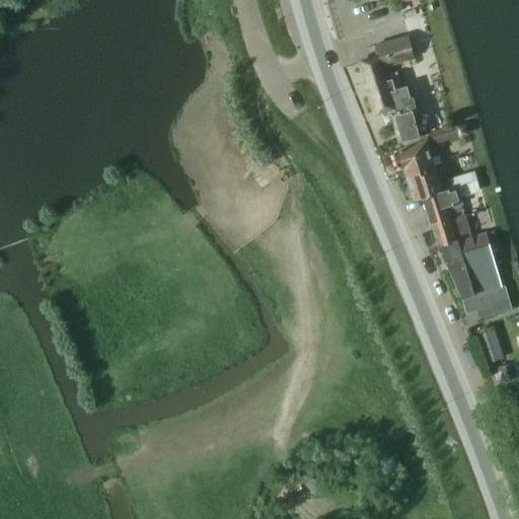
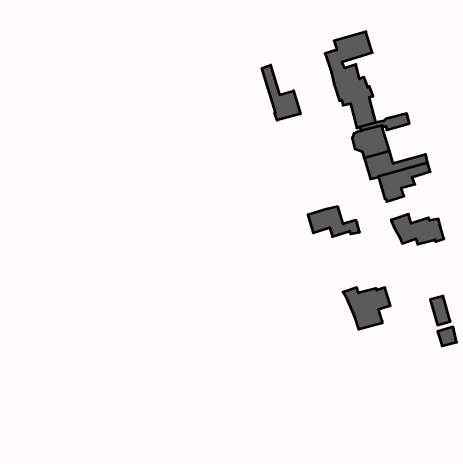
building: none -> [262,65,300,120]
building: [433,216,491,249] -> [308,207,360,237]
building: [450,267,503,313] -> [343,288,390,329]

